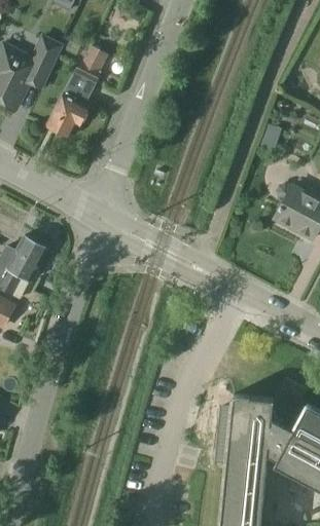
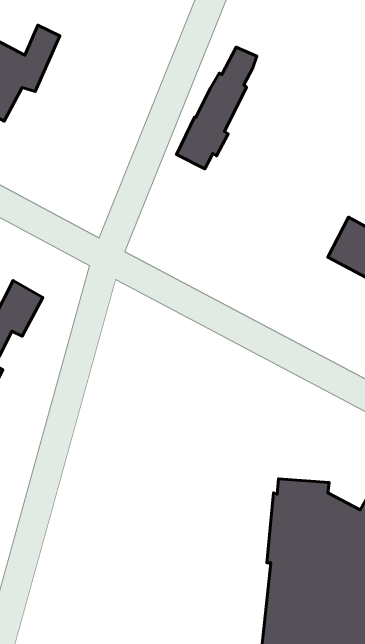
building: [46,39,110,136] -> [176,47,257,169]

